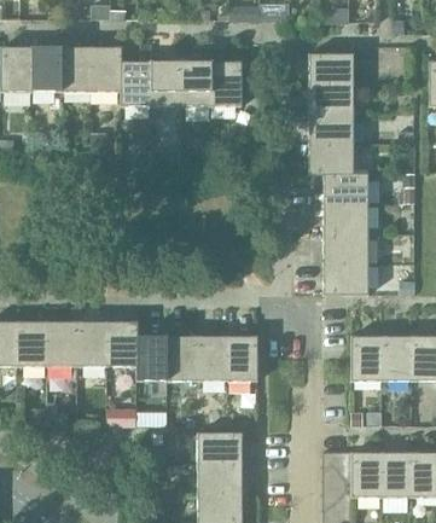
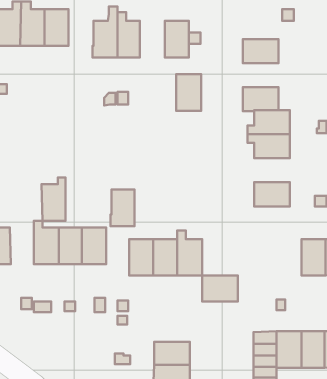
building: [91,47,122,93] -> none
building: [309,54,354,85] -> none
building: [180,62,211,107] -> [176,74,201,111]
building: [309,115,354,145] -> none
building: [324,234,368,265] -> none
building: [17,313,47,367] -> [41,178,66,221]
building: [136,336,167,382] -> [111,190,135,226]
building: [351,336,383,382] -> none
building: [198,432,243,465] -> [202,276,238,302]

